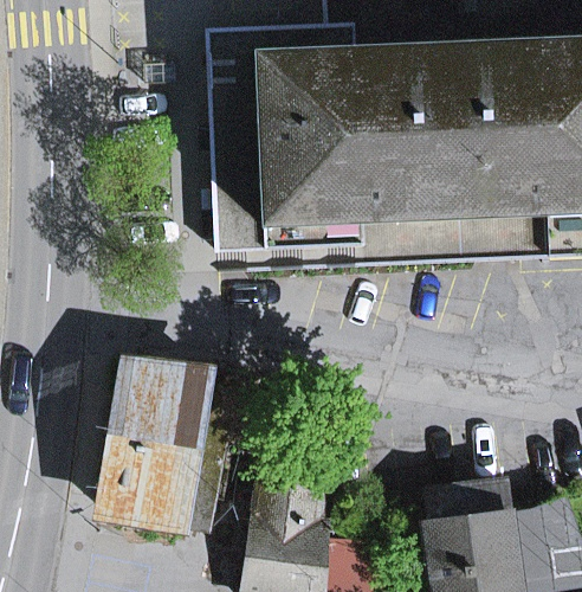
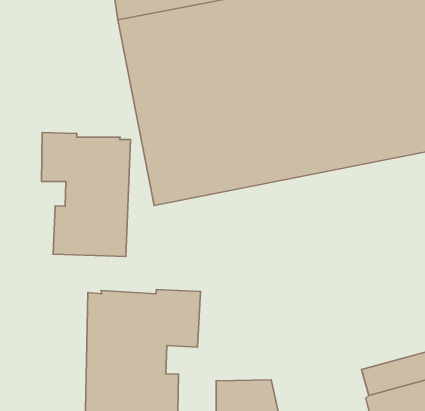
building: none -> [42,133,130,256]

